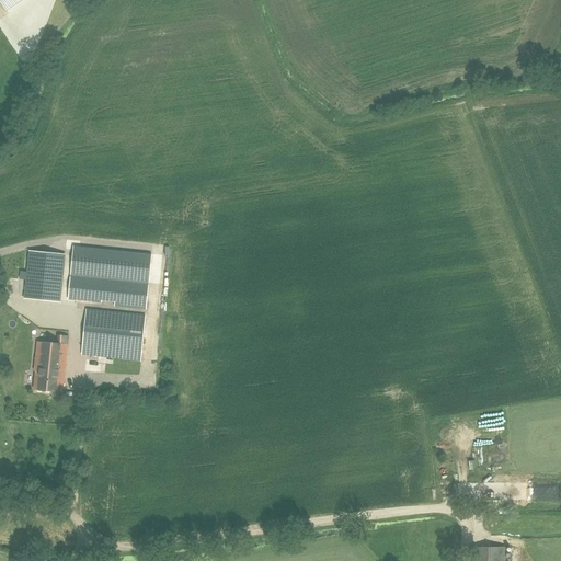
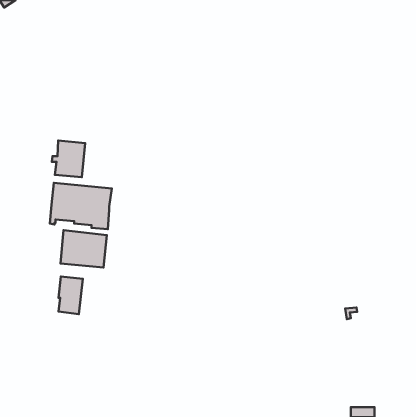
building: [19,250,64,299] -> [52,141,85,177]
building: [33,342,66,392] -> [58,276,83,314]

